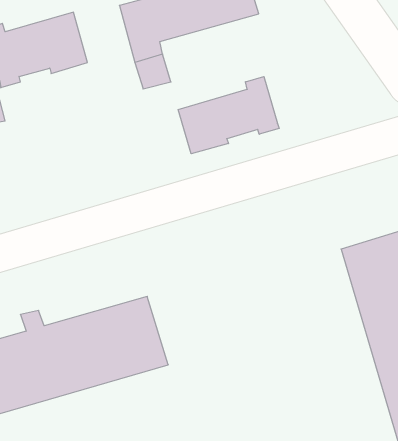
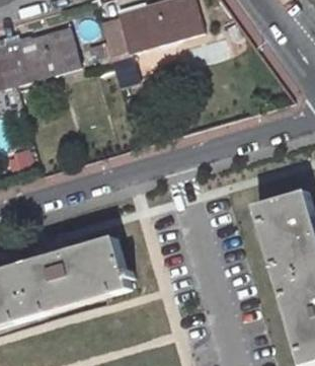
building: [178,77,279,154] -> none

